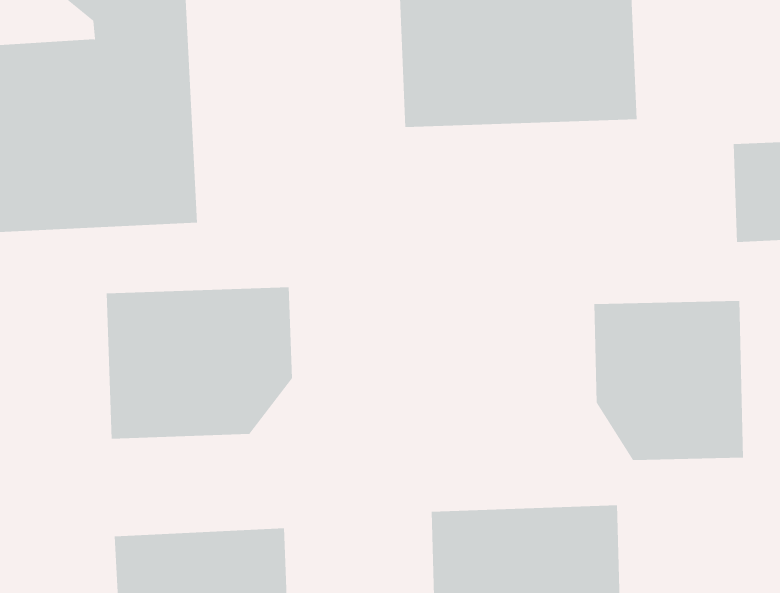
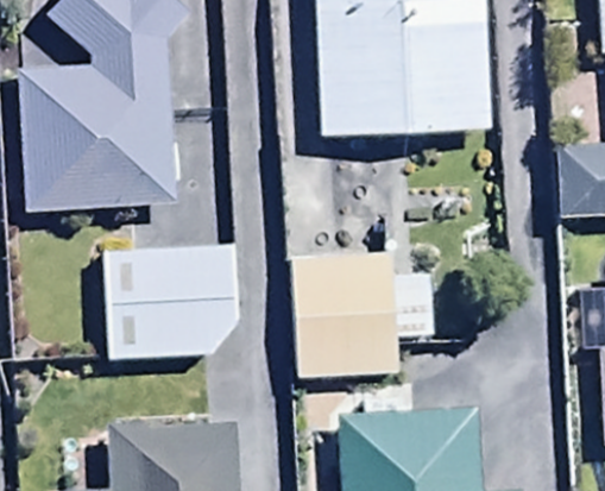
building: [594,300,744,461] -> none
building: none -> [295,260,434,376]

